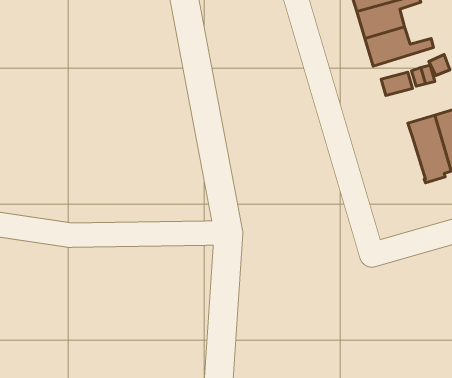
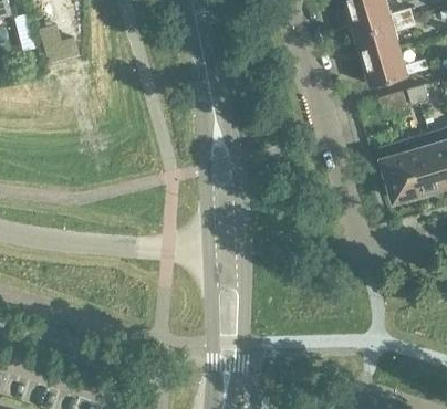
building: none -> [378,143,419,202]

